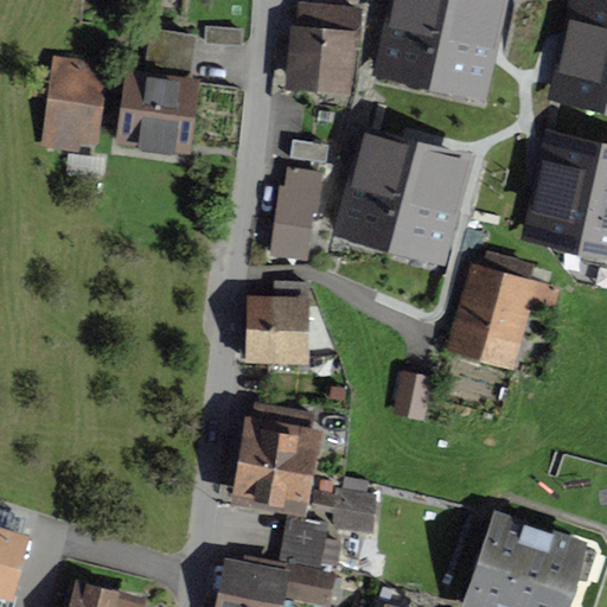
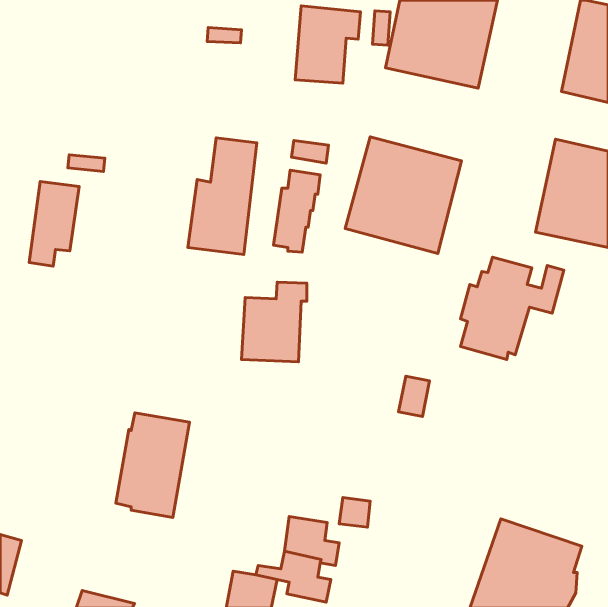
building: [124,32,193,148] -> [188,138,257,255]
building: [47,63,97,147] -> [29,182,79,266]
building: [239,405,313,510] -> [116,413,190,517]

